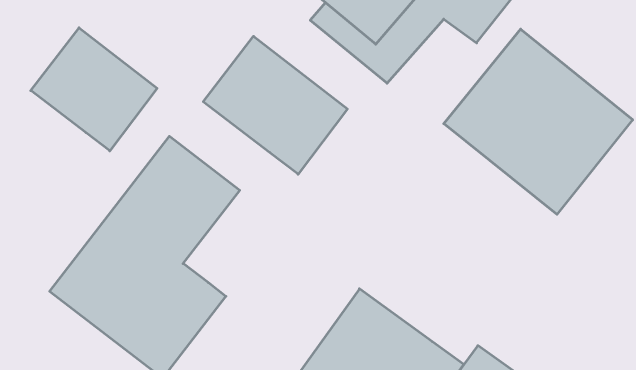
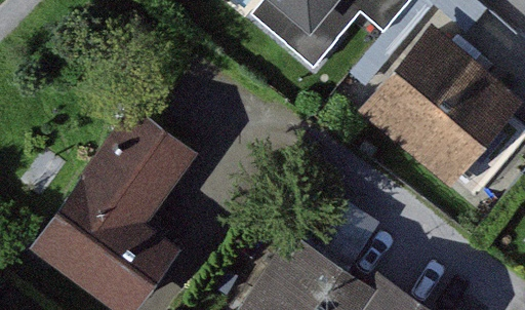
building: [31,28,157,151] -> none
building: [203,36,347,174] -> none

